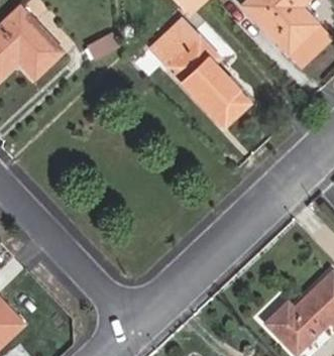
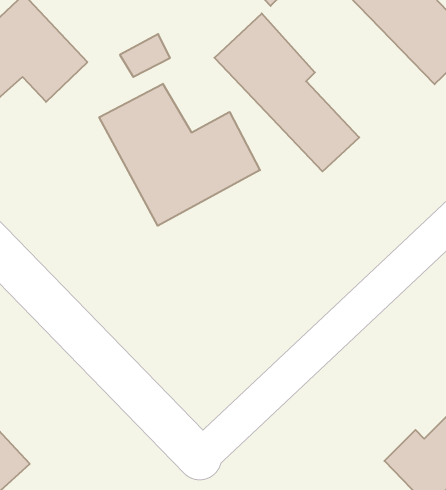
building: none -> [99,84,260,226]

